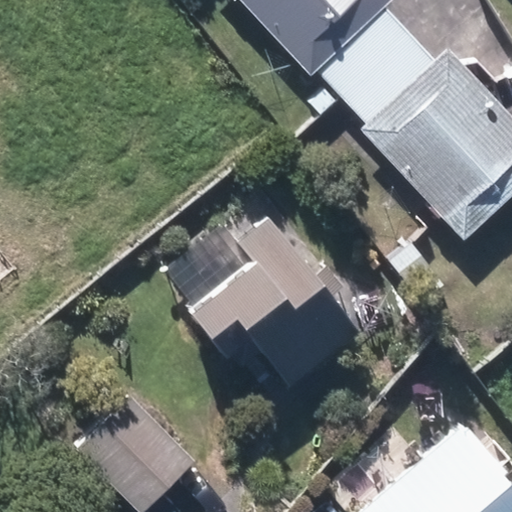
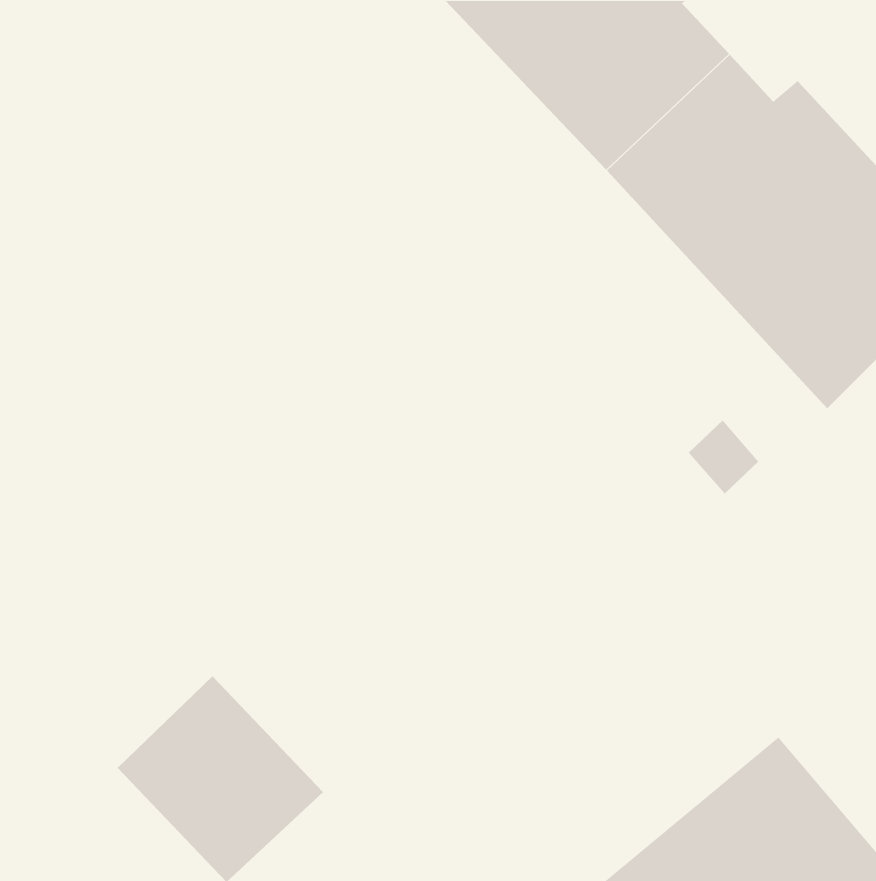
building: [164,218,354,384] -> none

